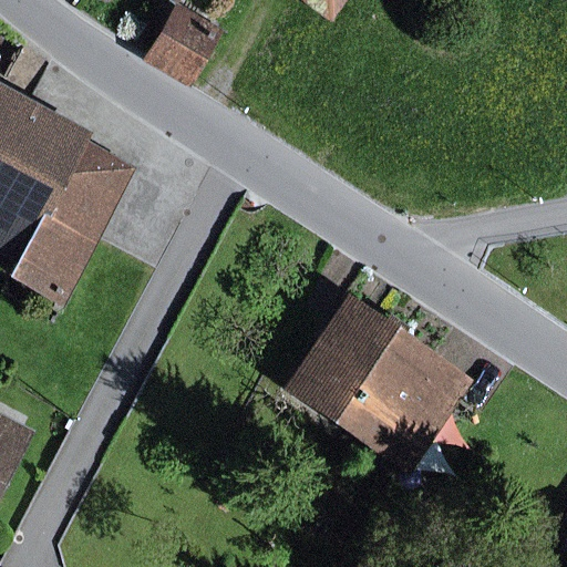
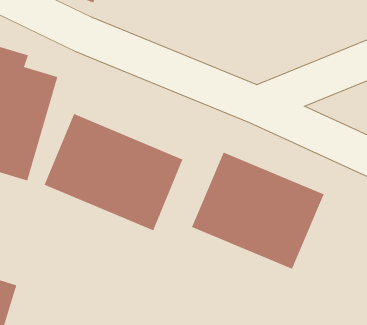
building: none -> [44,113,183,231]

